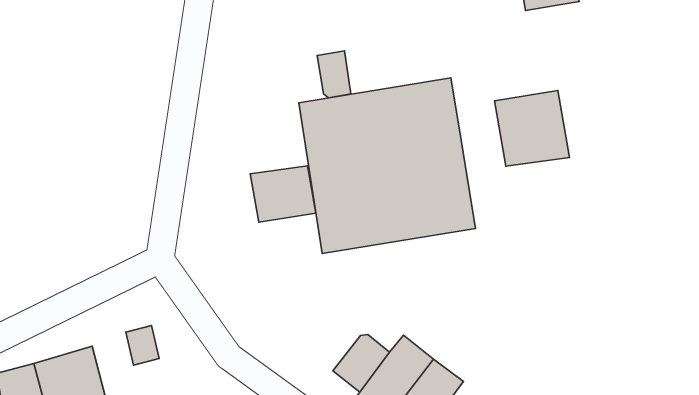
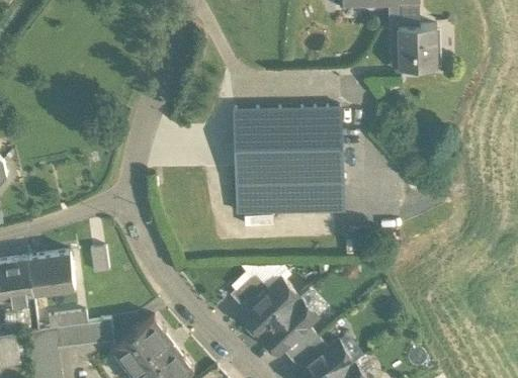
building: [317,51,351,98] -> none
building: [495,91,569,166] -> none
building: [250,166,316,222] -> none

